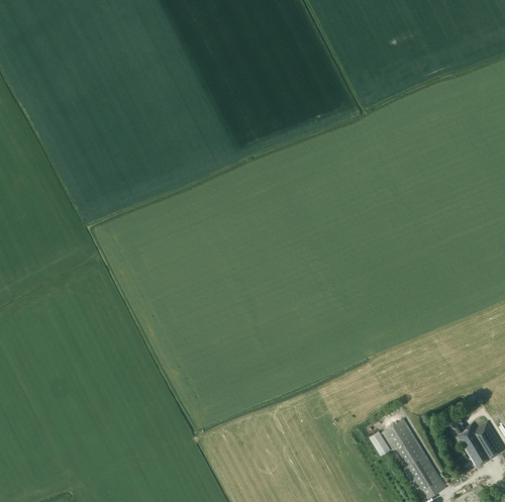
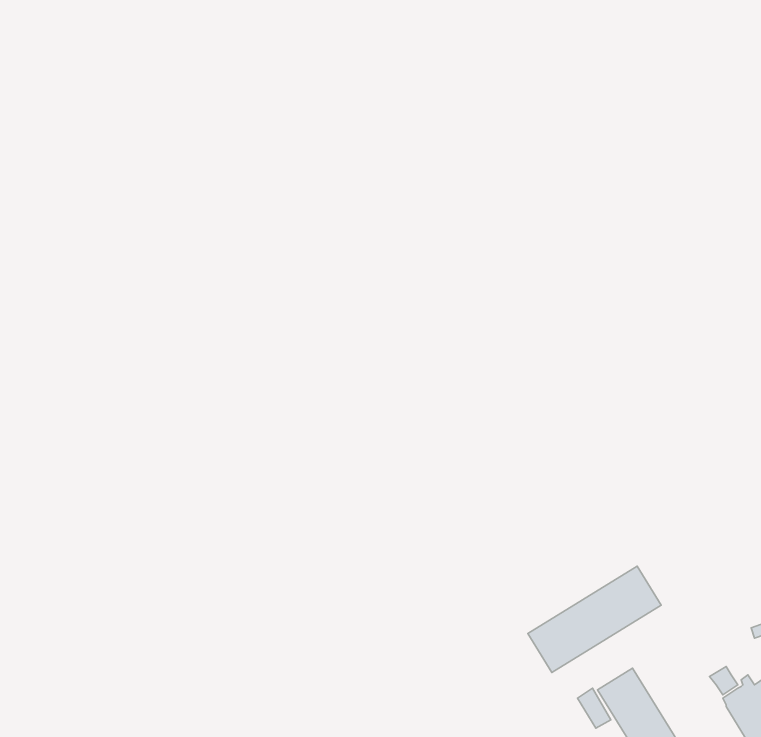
building: none -> [528,566,661,673]

